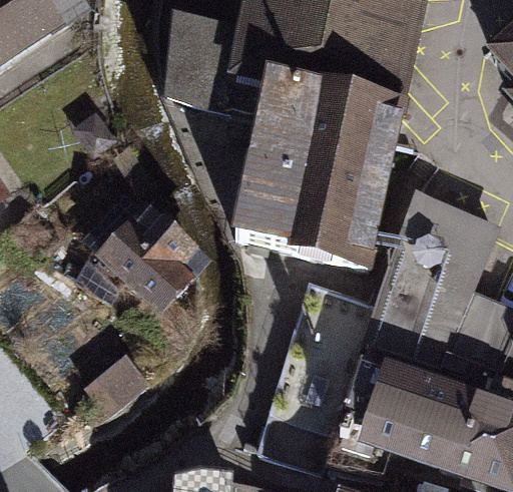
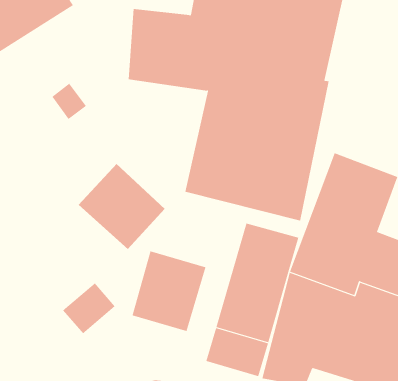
building: none -> [132,251,206,332]

